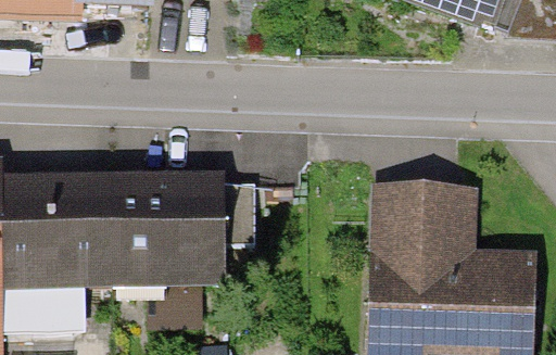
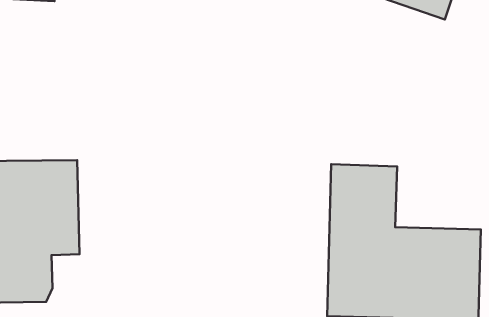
building: [110,175,255,277] -> none

